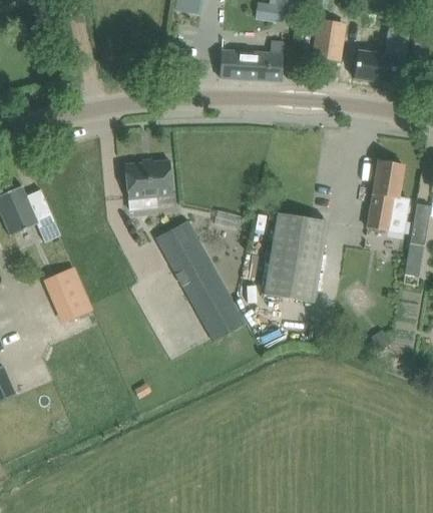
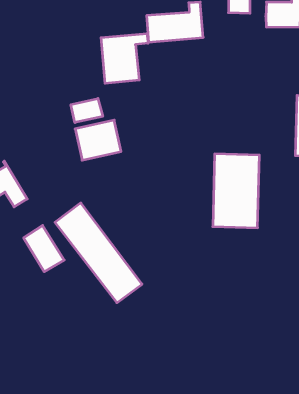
building: none -> [101,34,148,83]
building: none -> [71,98,103,123]
building: [155,220,244,338] -> [55,203,142,303]

